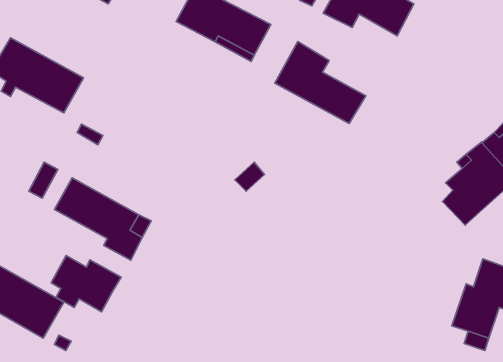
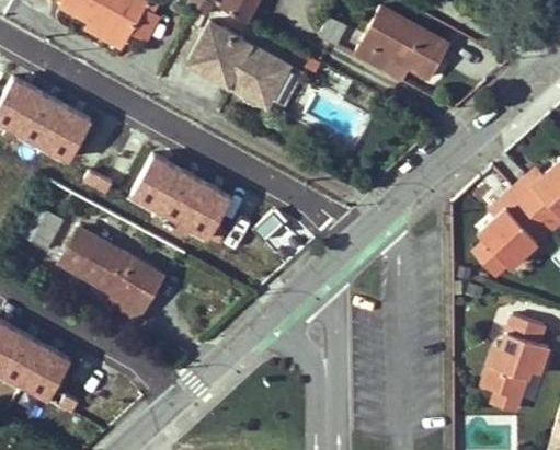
building: [275,42,366,123] -> none
building: none -> [132,158,231,245]
building: [51,255,121,312] -> none

